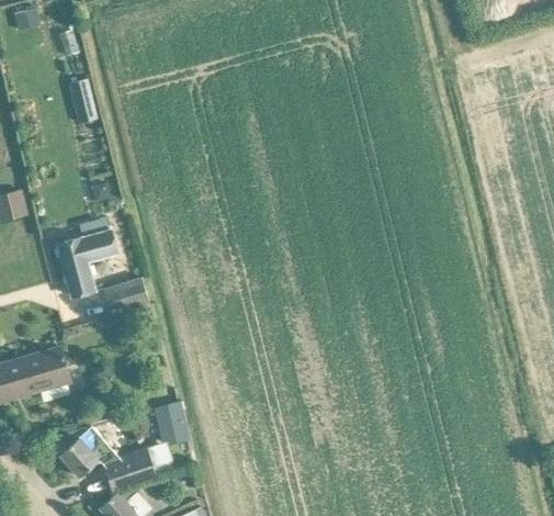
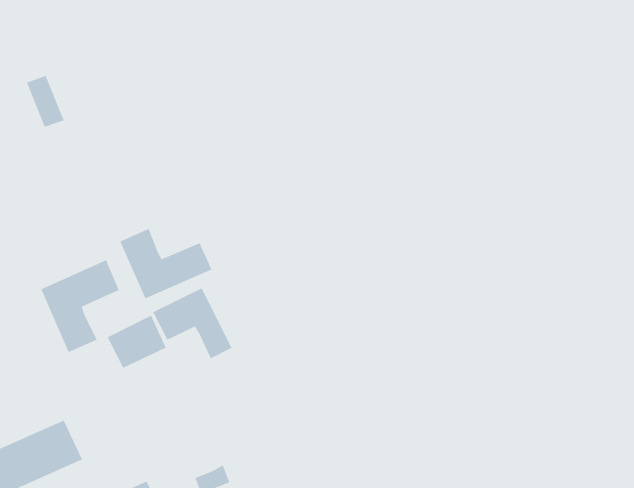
building: none -> [119,228,212,299]
building: none -> [152,288,232,359]

